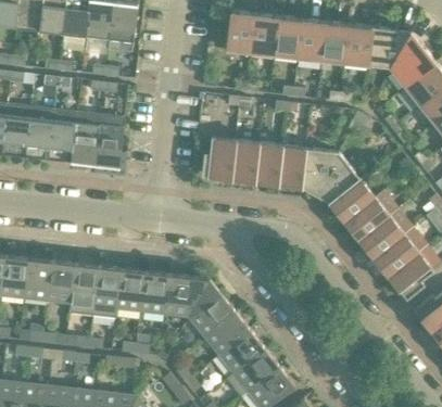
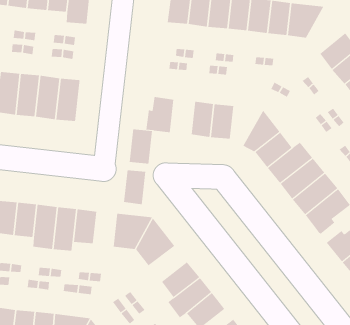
building: [390,33,435,88] -> none
building: [230,141,258,182] -> [129,129,153,164]
building: [301,149,339,195] -> none
building: [140,272,167,314] -> [123,170,146,205]
building: [204,313,250,355] -> none

